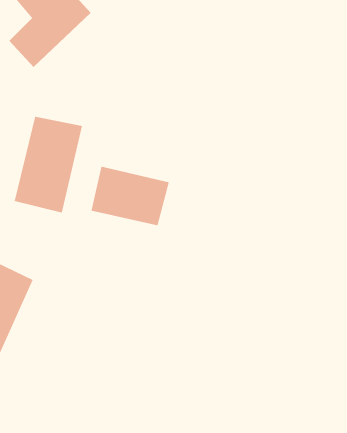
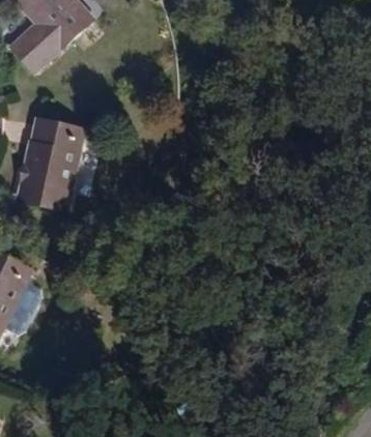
building: [91,166,170,226] -> none

